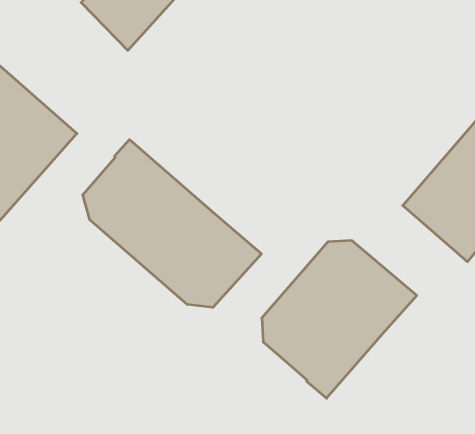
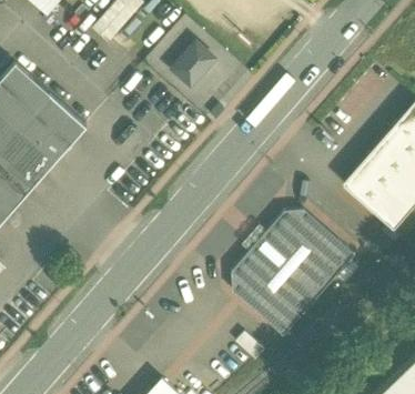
building: none -> [172,43,215,88]
building: [83,140,261,307] -> none

